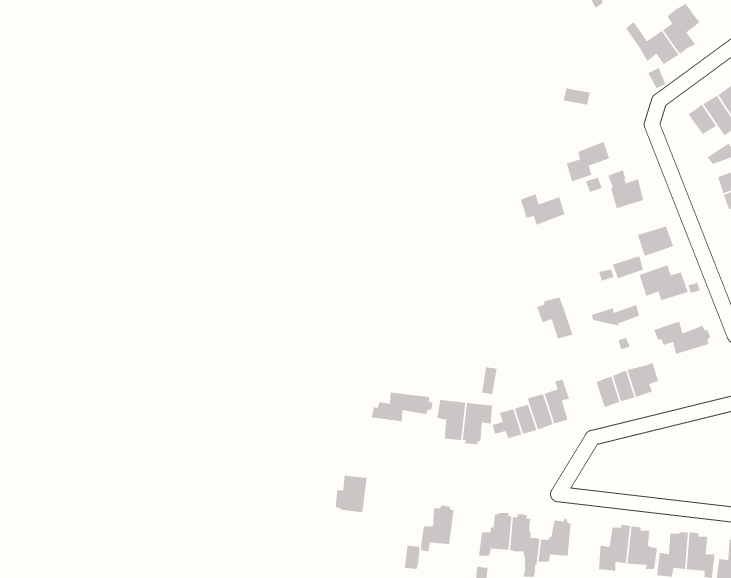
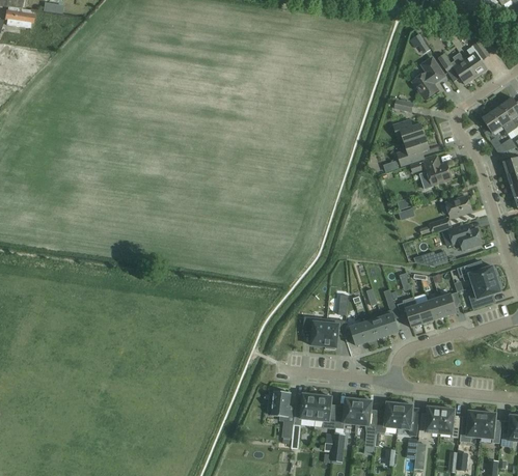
building: none -> [413,56,446,100]
building: [520,193,566,226] -> [393,121,426,144]
building: [536,297,573,340] -> [398,297,424,327]
building: none -> [469,279,502,309]
building: [371,392,433,422] -> none
building: [335,475,368,513] -> [269,390,292,417]
building: none -> [316,393,337,427]
building: none -> [399,401,419,436]

